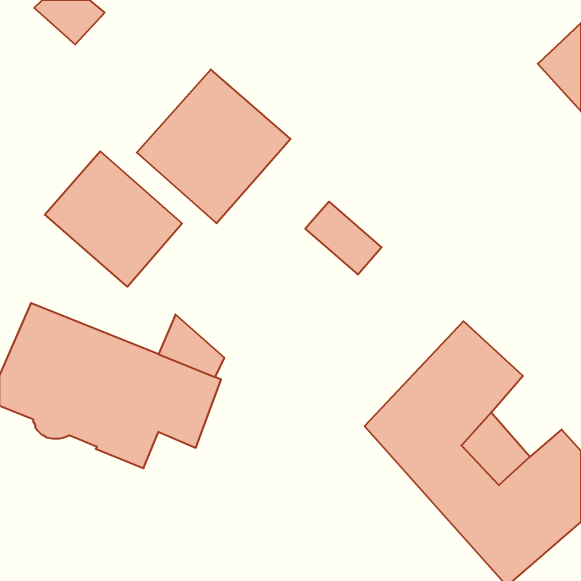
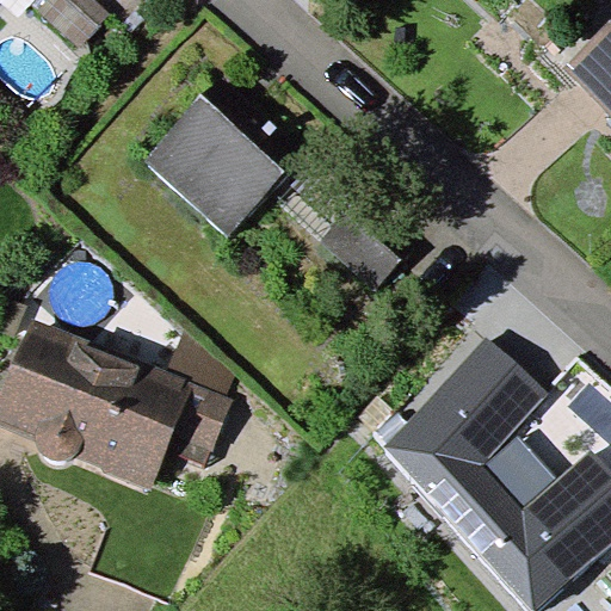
building: [45,151,182,287] -> none

